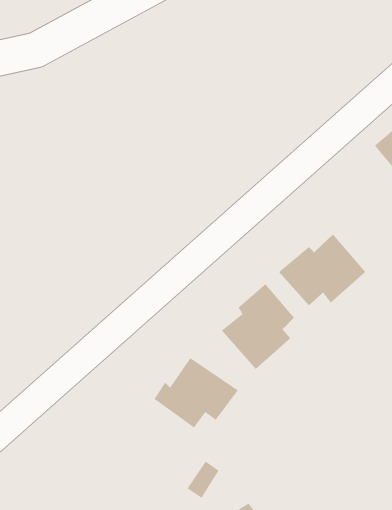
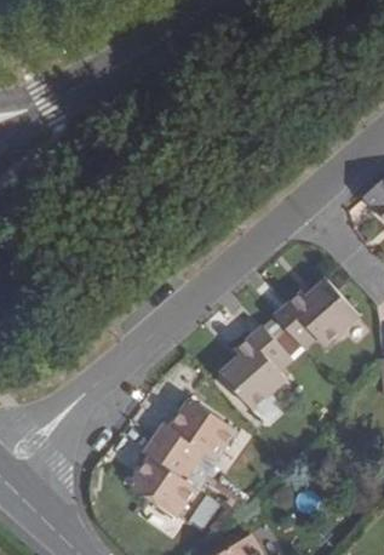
building: none -> [130,436,195,513]

